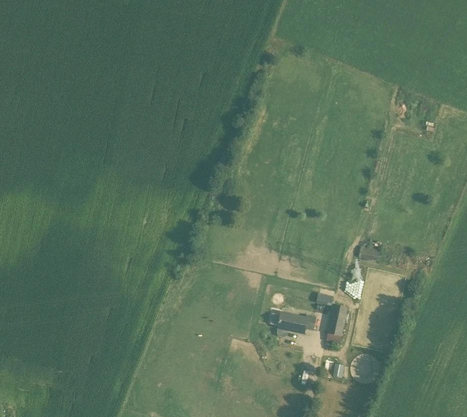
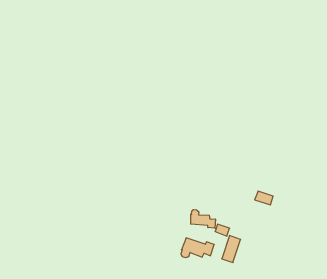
building: none -> [191,210,215,228]

